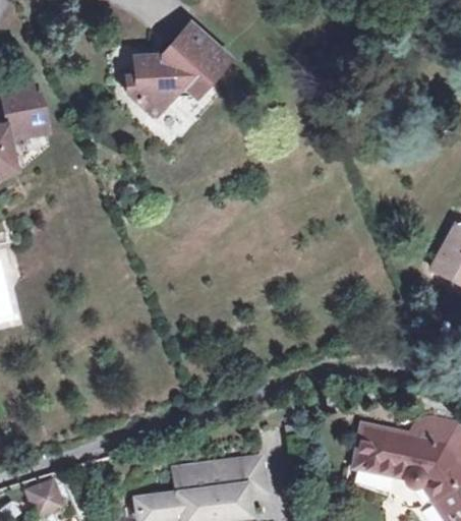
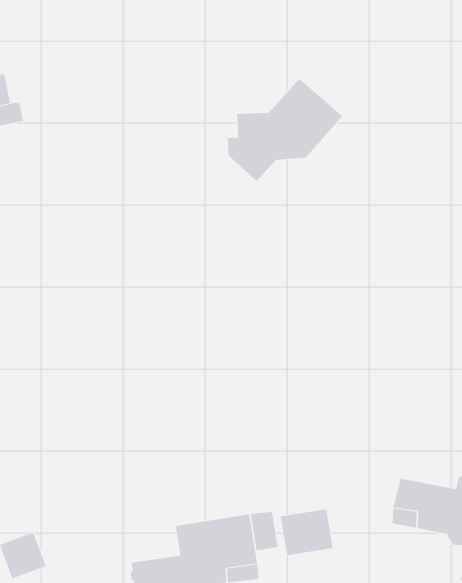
building: [125,26,225,115] -> [227,78,343,182]
building: none -> [280,508,333,556]

